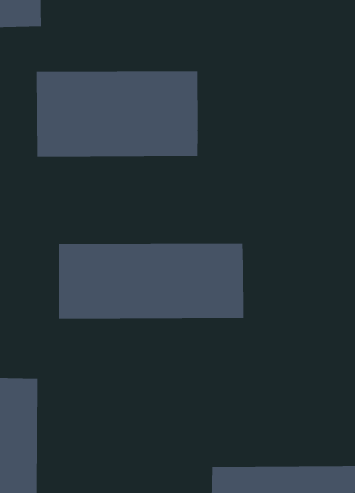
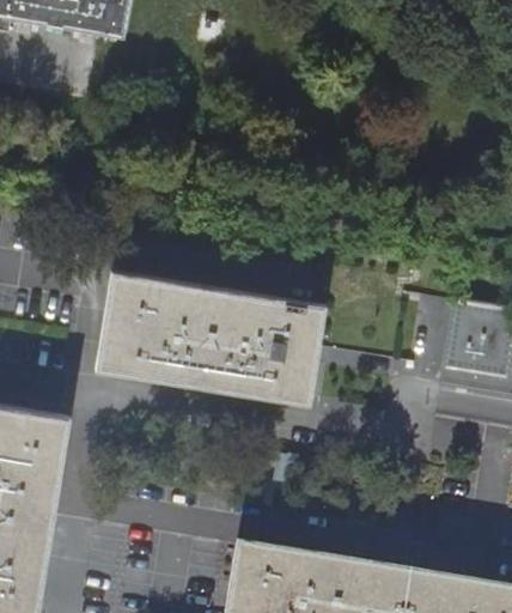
building: [36,70,198,158] -> none

